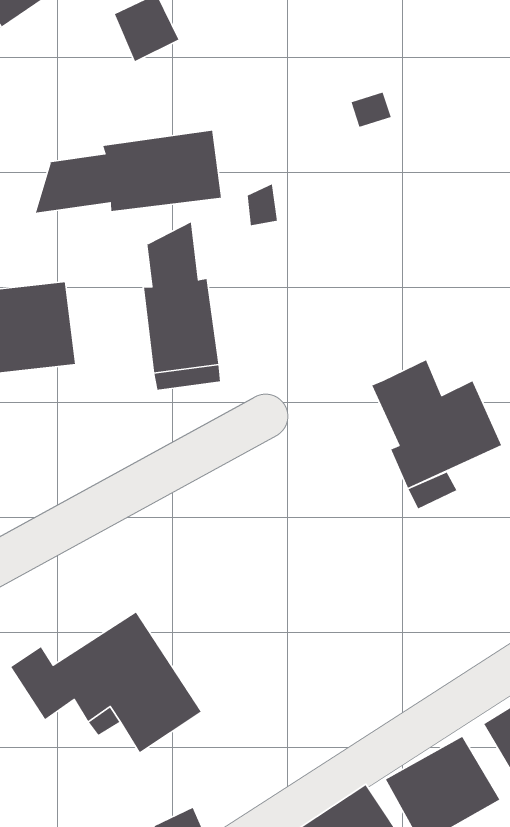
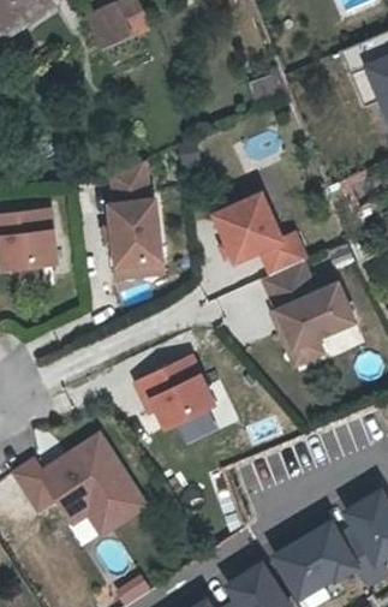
building: [35,130,222,214] -> none
building: none -> [215,192,305,275]
building: none -> [136,356,215,430]

